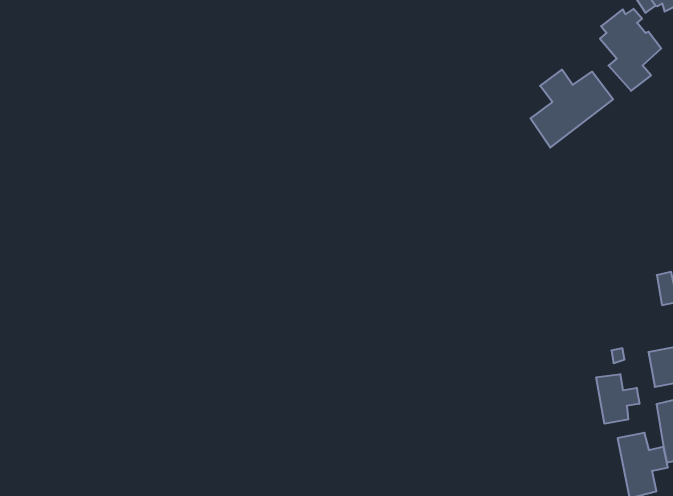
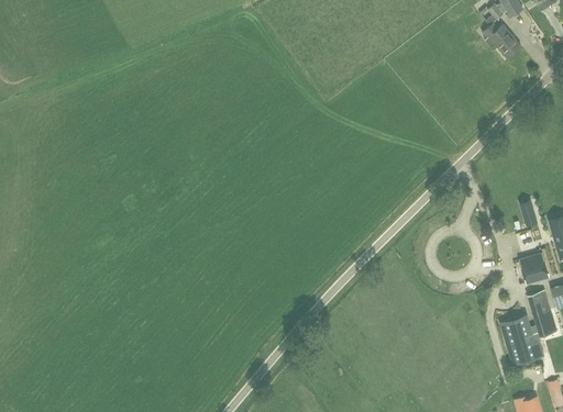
building: [530,70,613,148] -> none
building: [596,374,639,424] -> none

